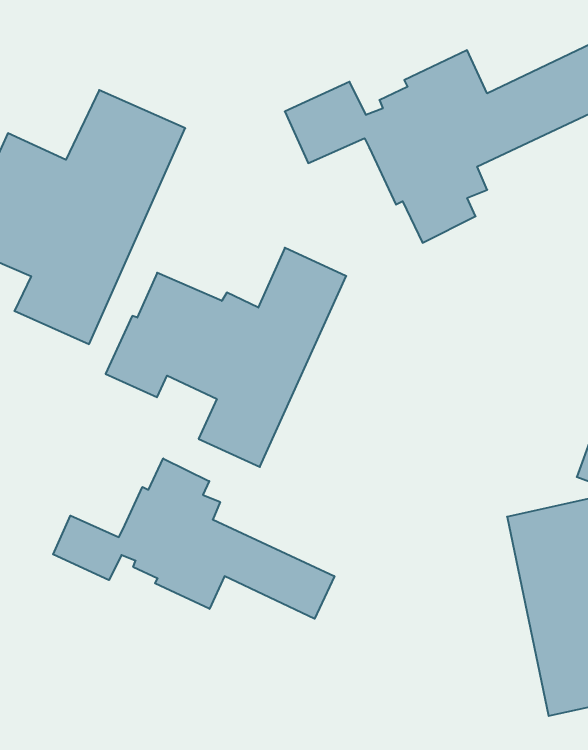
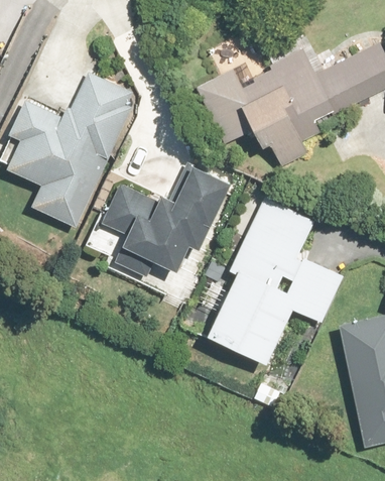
building: none -> [210,197,346,363]
building: [53,458,334,619] -> none

